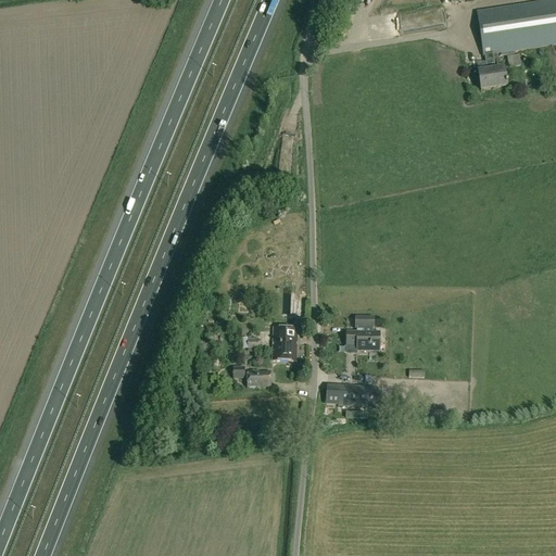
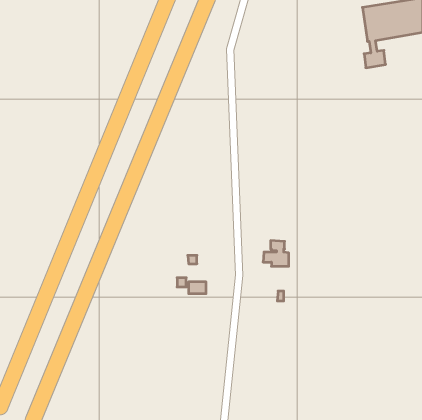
building: [273,326,298,359] -> none
building: [326,386,363,406] -> none

